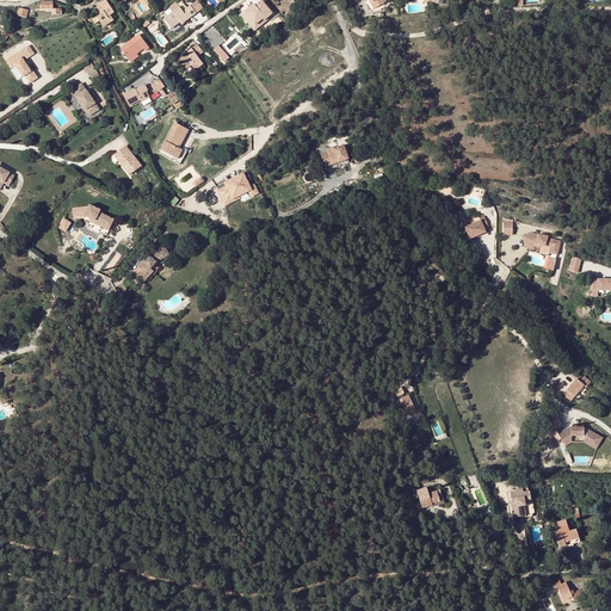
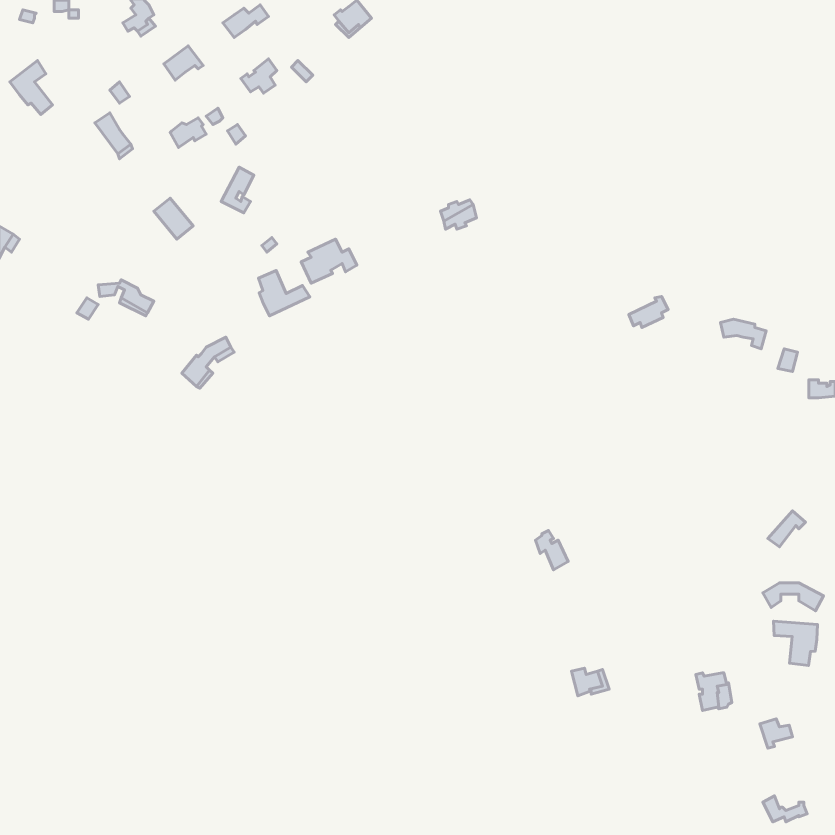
building: none -> [258,271,310,316]
building: none -> [773,621,818,666]

